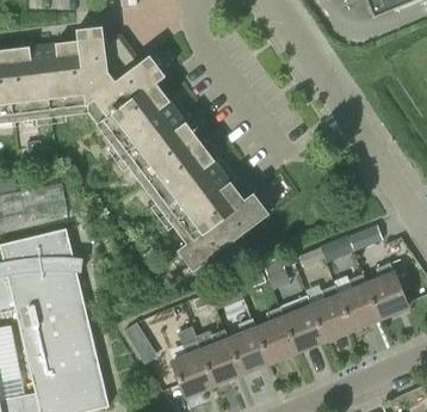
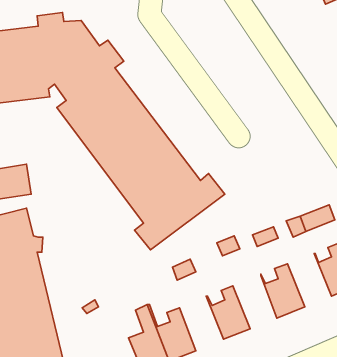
building: [334,275,379,330] -> none
building: [278,297,323,352] -> none
building: [223,319,268,375] -> none

